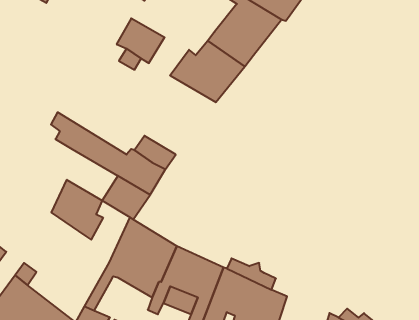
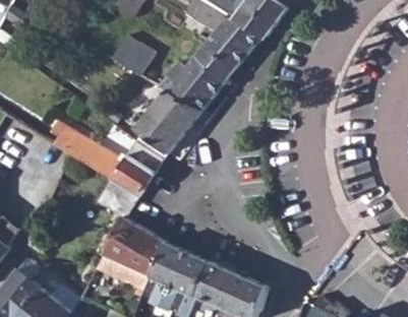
building: none -> [135,89,200,154]
building: [51,180,103,240] -> none

